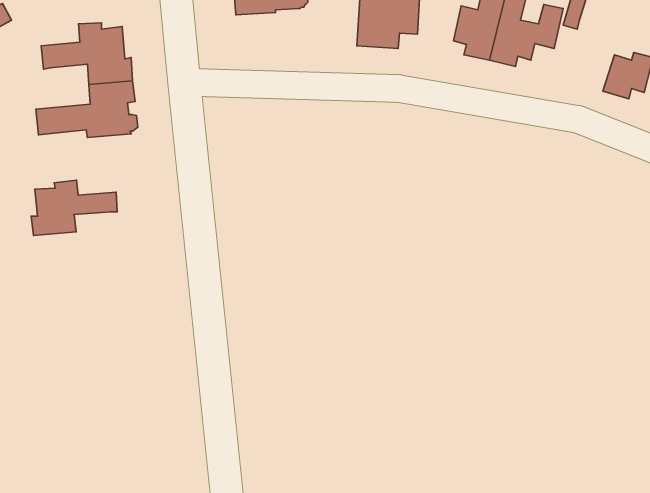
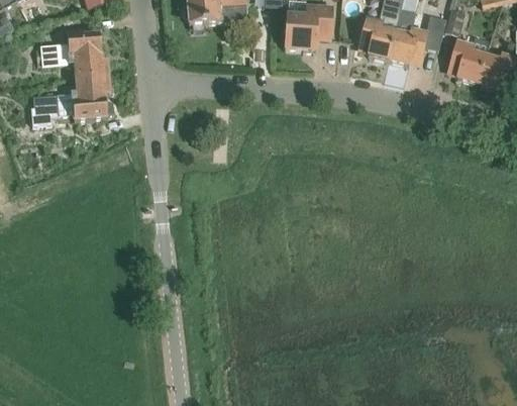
building: none -> [449,37,490,84]
building: [31,180,117,235] -> none

